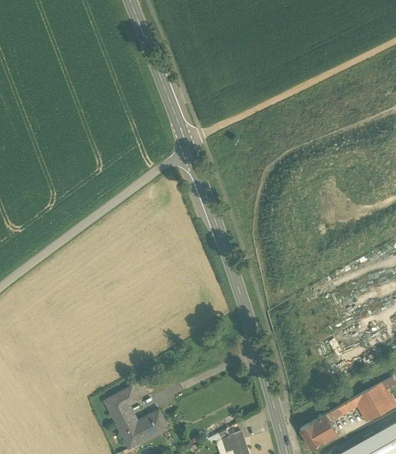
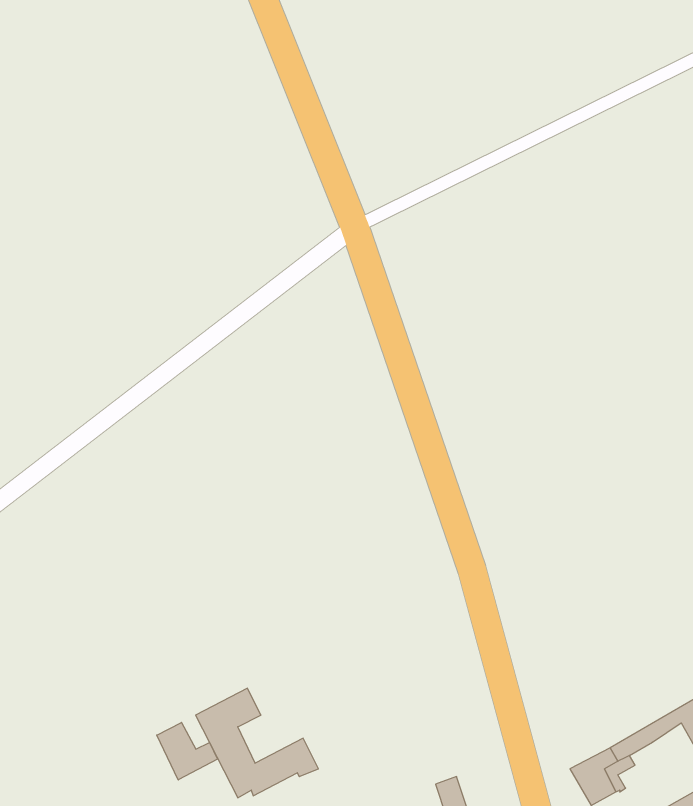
building: none -> [157,722,218,780]

